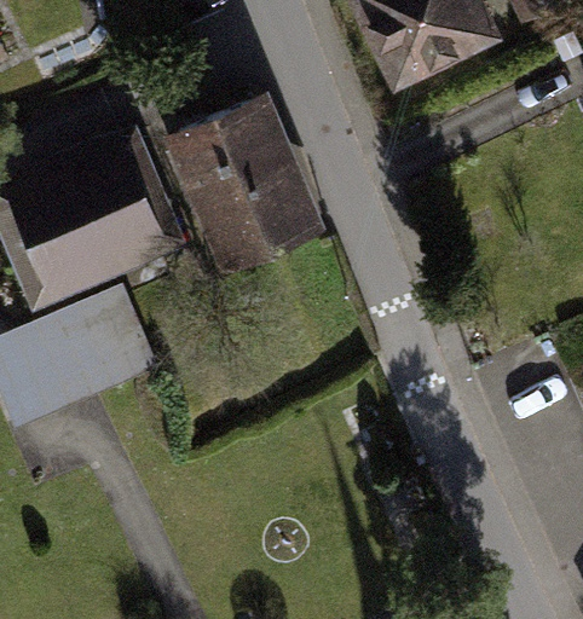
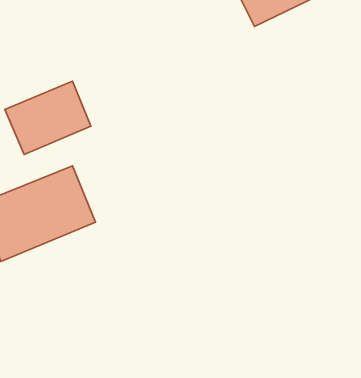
building: [183,102,308,253] -> none

